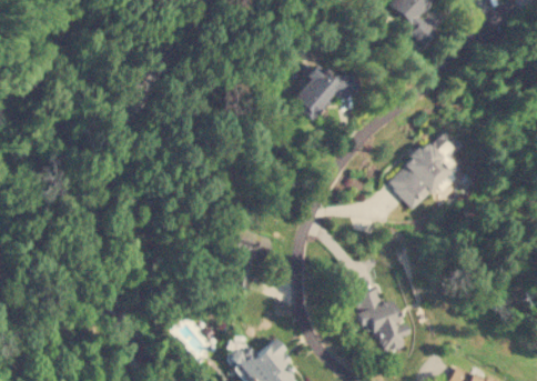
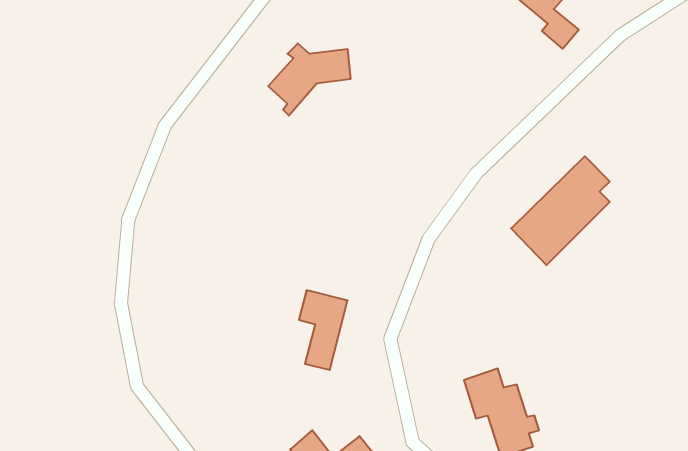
building: [295,67,357,121] -> [268,43,351,116]

